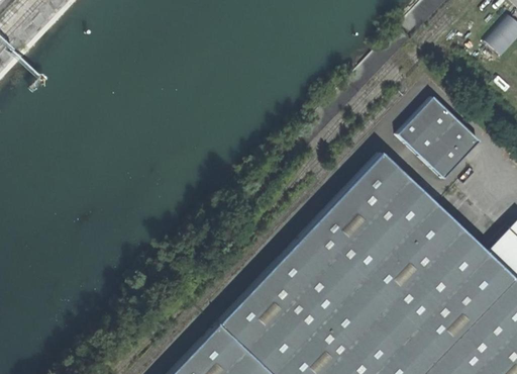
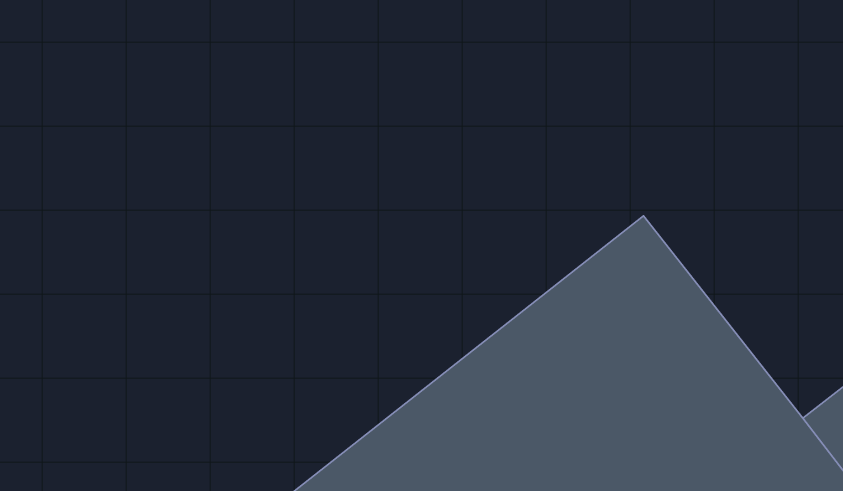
building: [399,96,483,179] -> none

